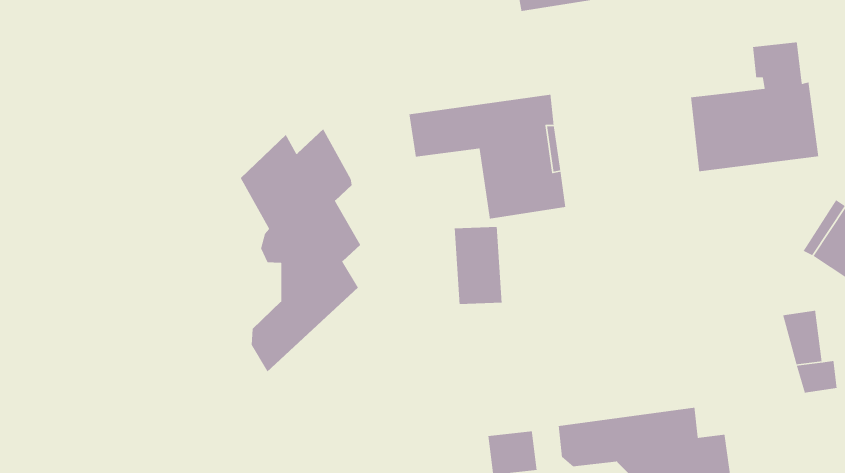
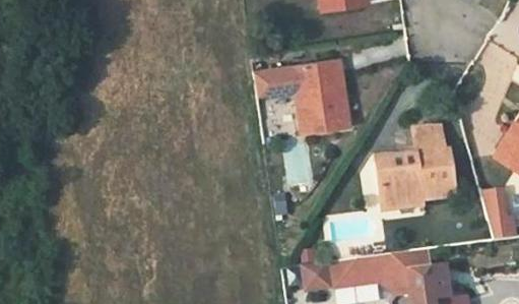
building: [690,41,819,172] -> [376,127,454,206]
building: [240,128,361,372] -> none

